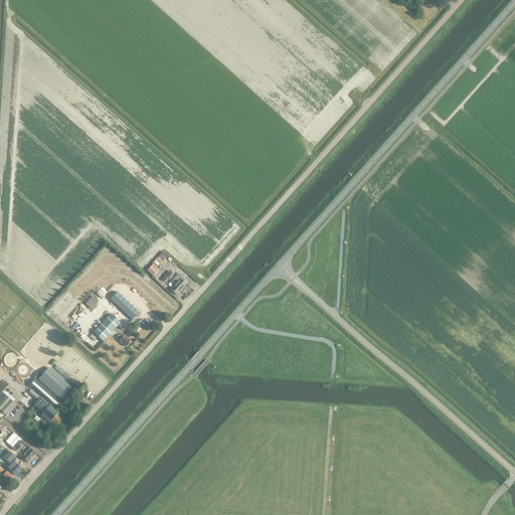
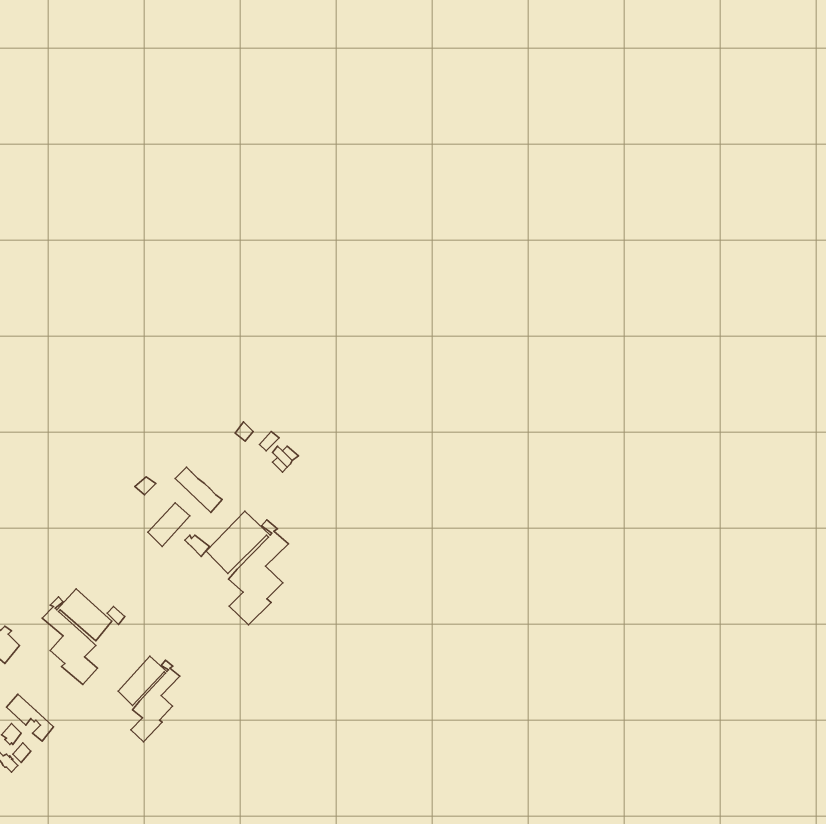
building: none -> [206,511,289,625]
building: none -> [118,656,180,742]

